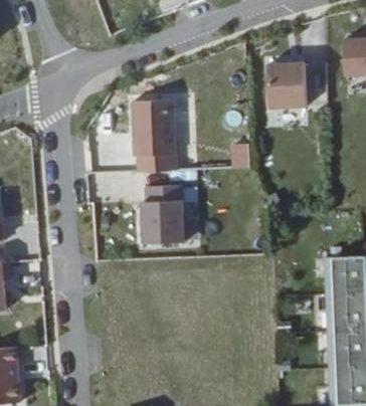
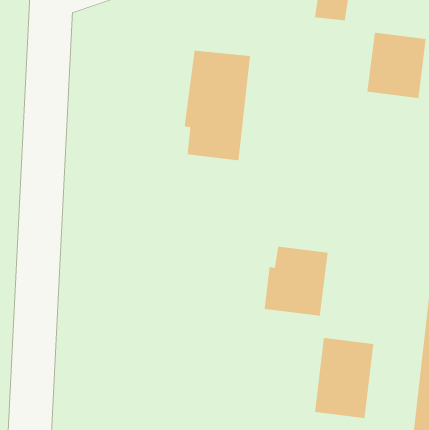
building: [148,183,189,229] -> [264,246,329,316]
building: none -> [314,337,374,419]

